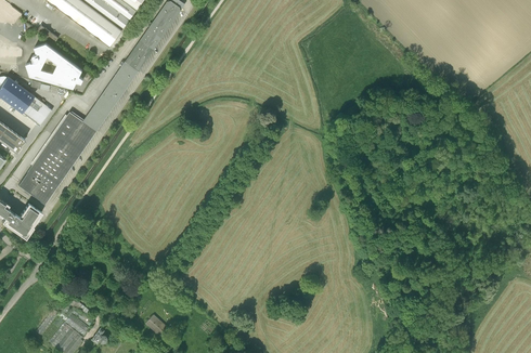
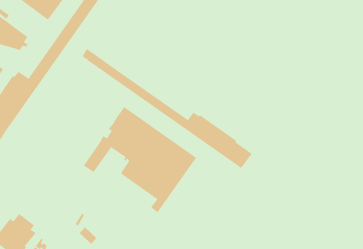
building: none -> [82,48,253,169]
building: none -> [83,106,197,213]

